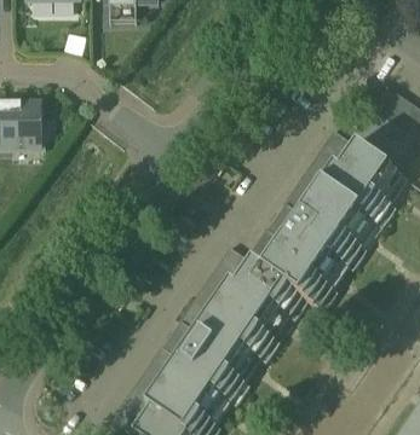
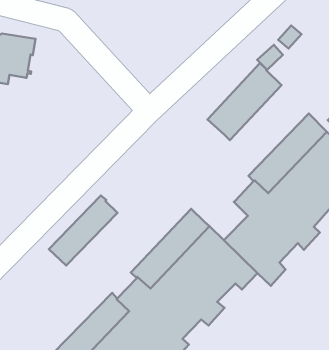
building: none -> [208,63,281,140]
building: [248,226,292,273] -> none
building: none -> [49,195,118,265]

